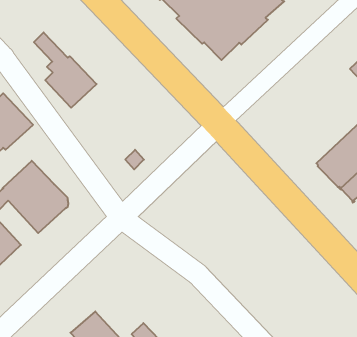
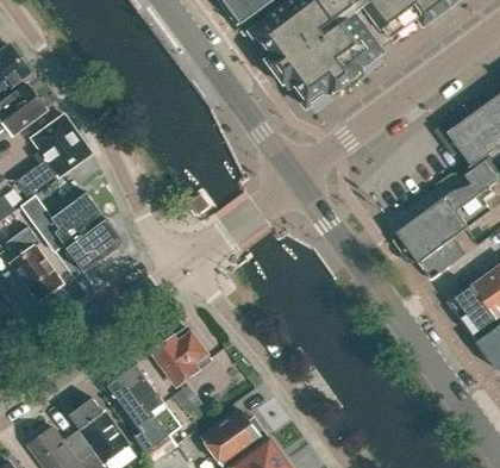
building: [34,32,97,108] -> none
building: none -> [151,326,210,385]

